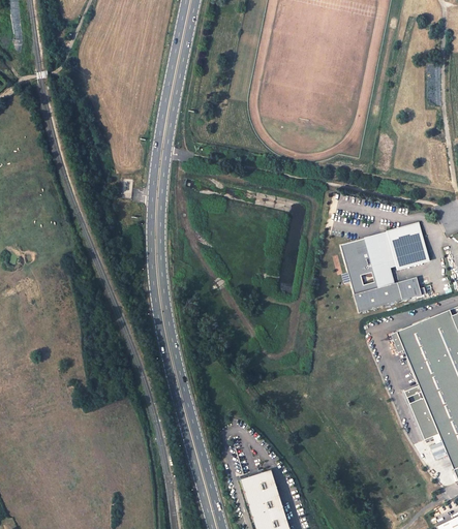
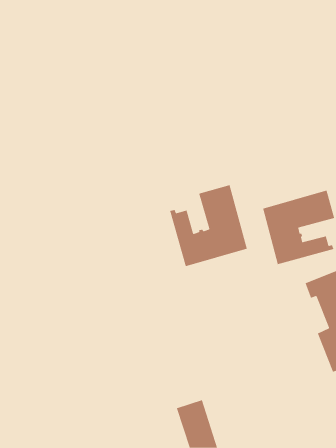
building: none -> [169,184,248,267]

